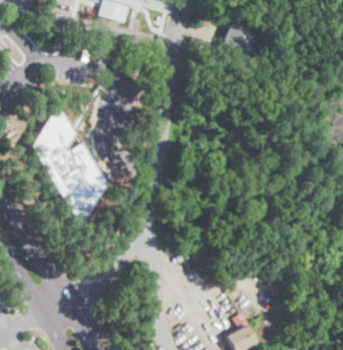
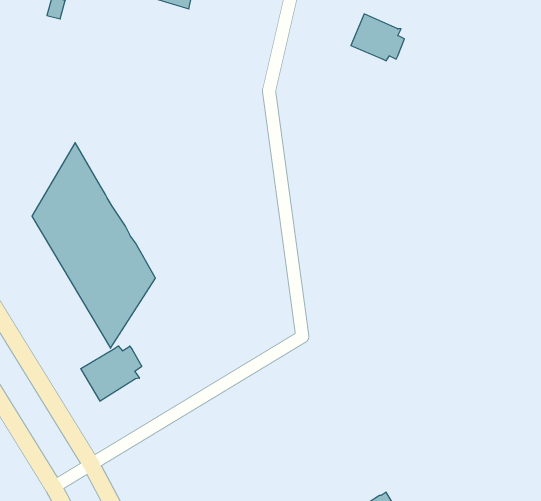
building: none -> [81,346,142,401]

